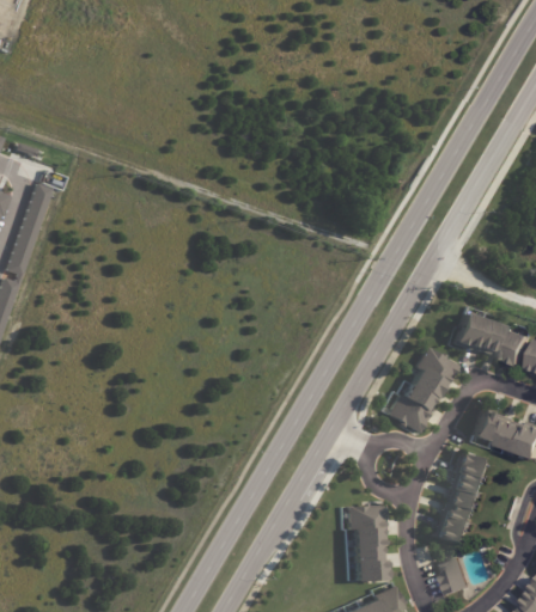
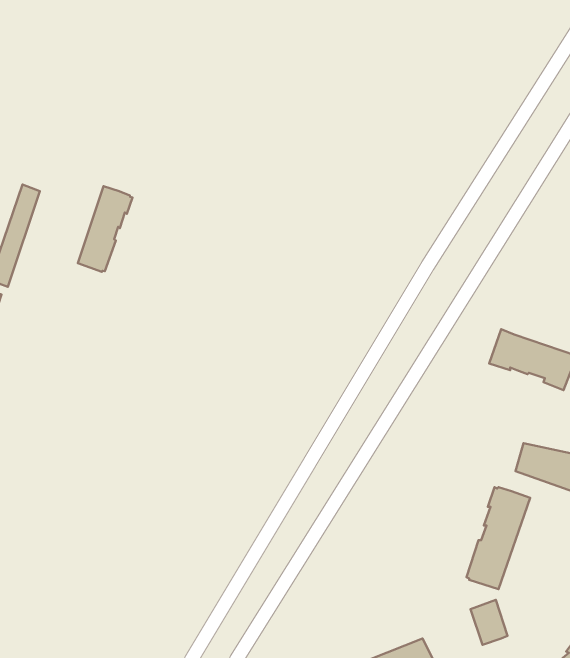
building: none -> [78,186,132,272]
building: [389,353,458,435] -> none
building: [341,508,388,582] -> none

